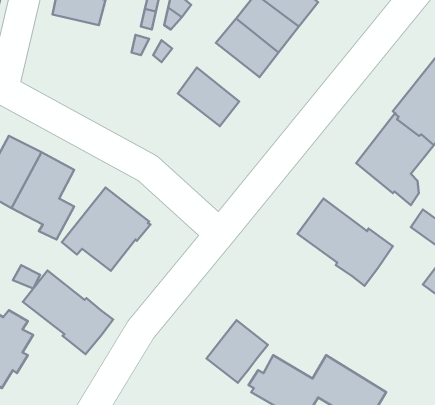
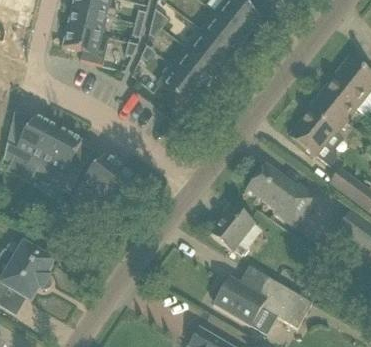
building: none -> [62,26,110,65]
building: none -> [173,47,219,90]
building: [23,270,113,354] -> none
building: [206,320,268,383] -> [209,204,254,250]

